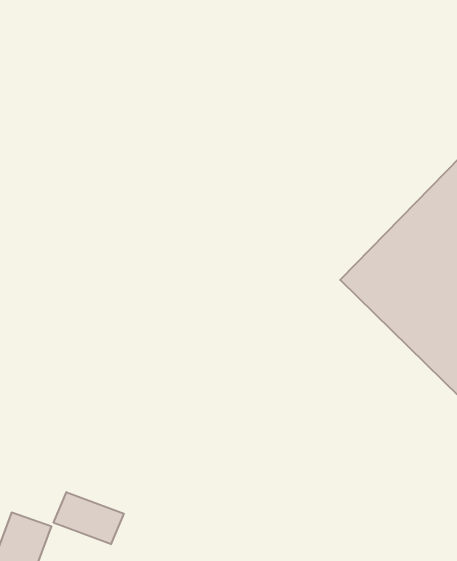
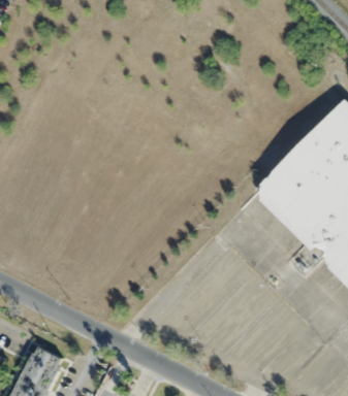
building: [54,492,124,544] -> none

